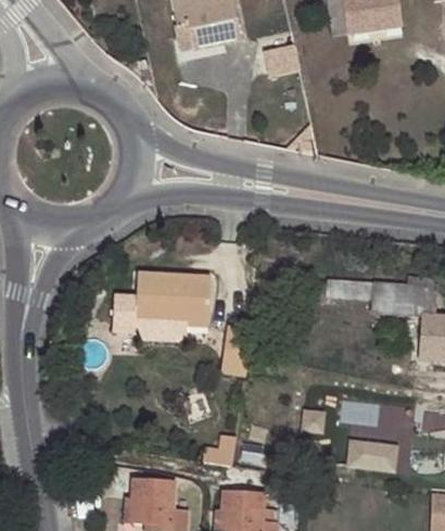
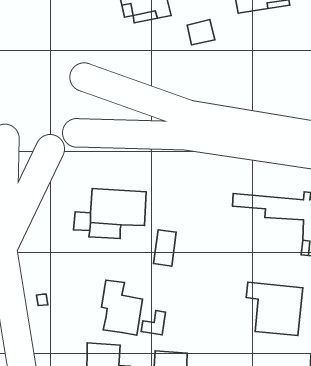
building: none -> [102,280,143,335]

